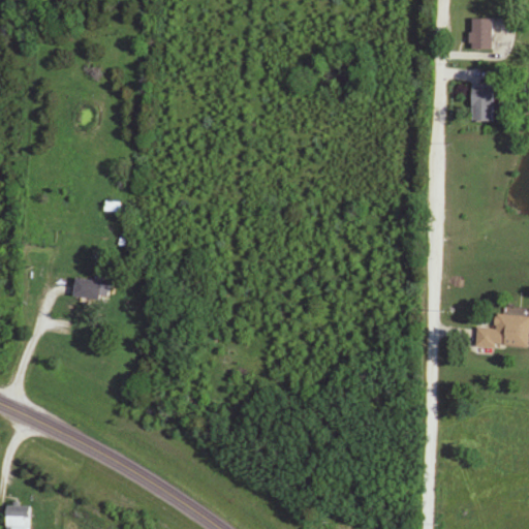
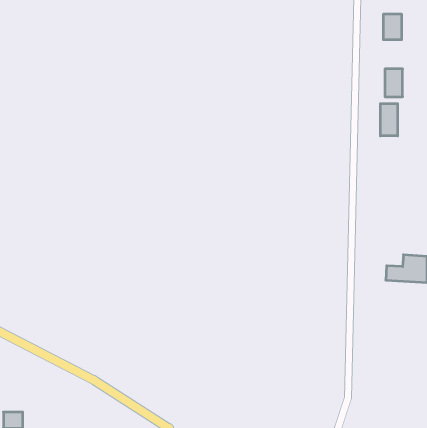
building: none -> [380,104,398,136]
building: [72,279,106,297] -> none

